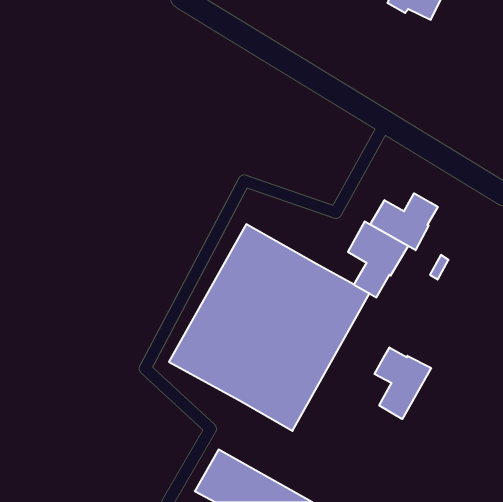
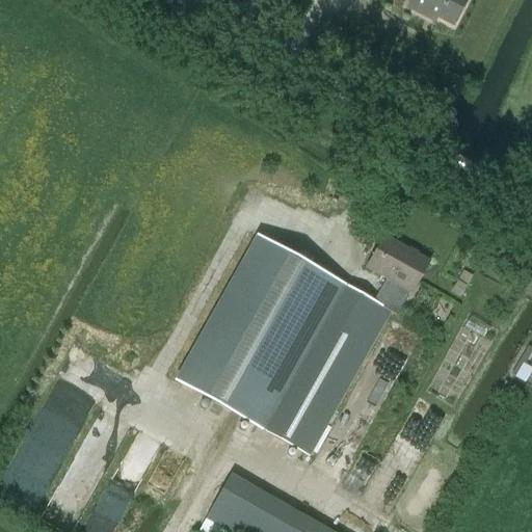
building: [370,193,438,250] -> none
building: [374,347,431,419] -> none

